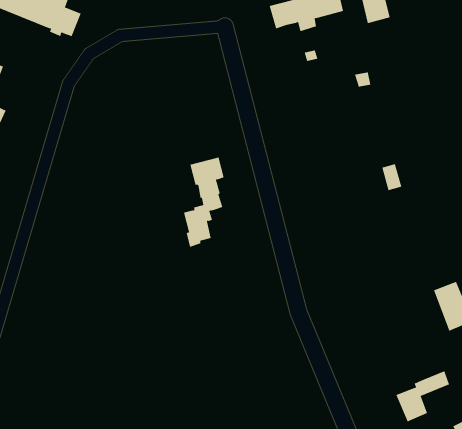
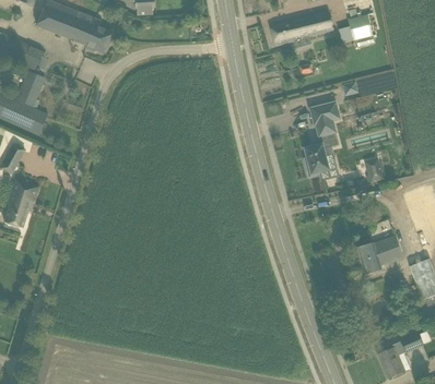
building: [183,157,225,247] -> [304,100,339,177]
building: none -> [355,236,400,274]

